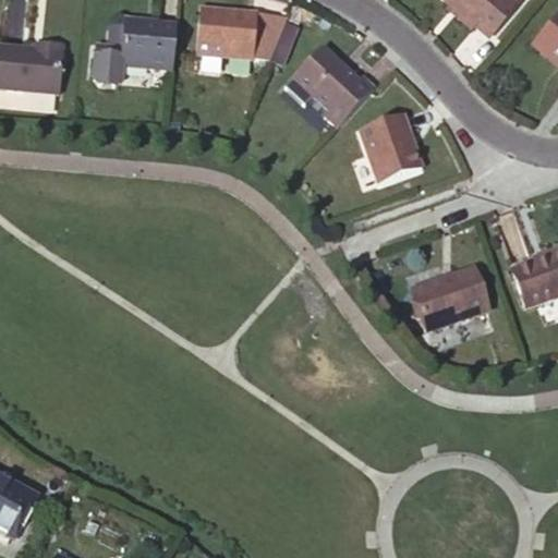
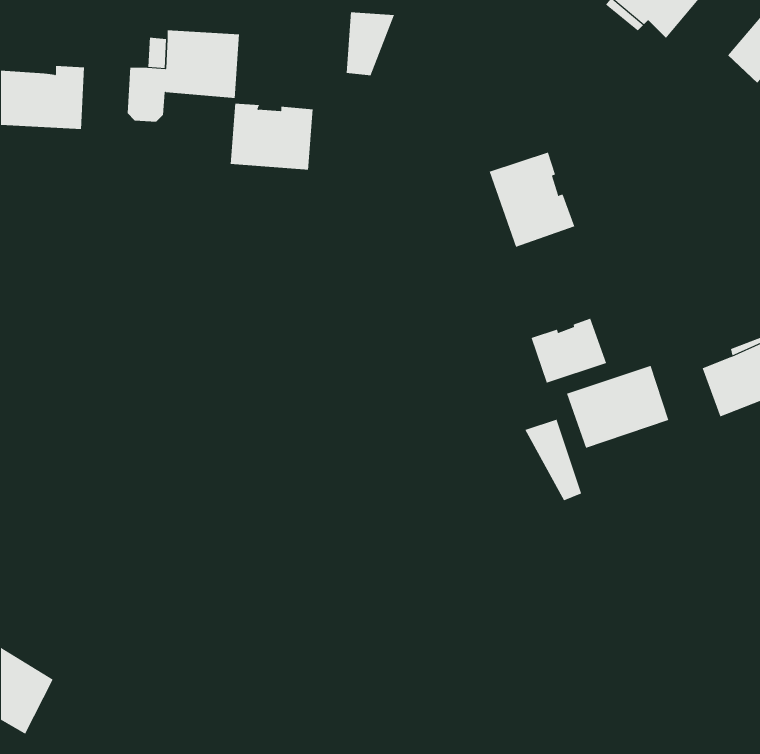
building: [196,4,257,53] -> [230,103,313,170]
building: [293,41,376,124] -> none
building: none -> [531,318,607,384]
building: none -> [524,419,582,501]

